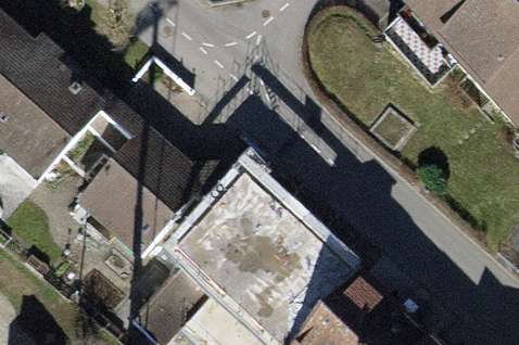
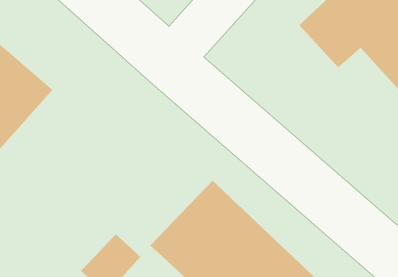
building: [79,137,197,253] -> none
building: [173,175,284,288] -> none

